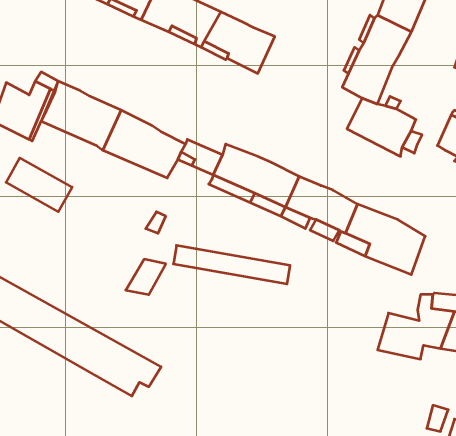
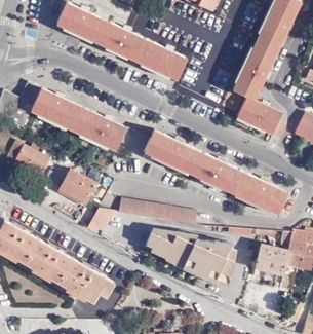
building: none -> [62,168,97,201]
building: none -> [146,232,237,283]

